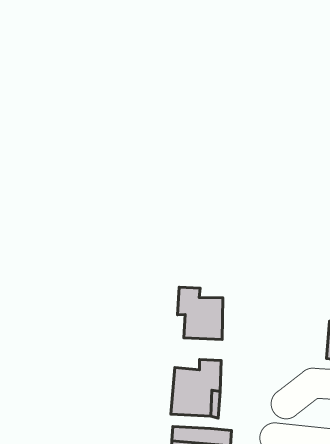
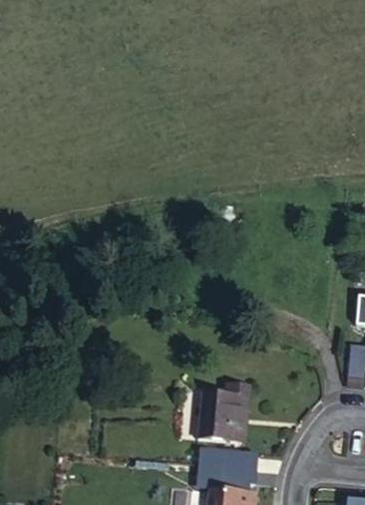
building: [177,287,223,340] -> none

